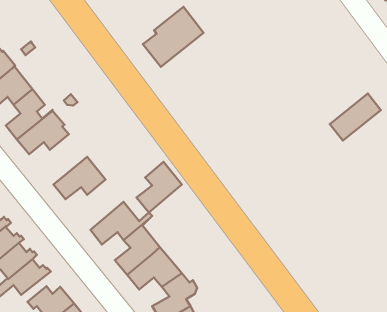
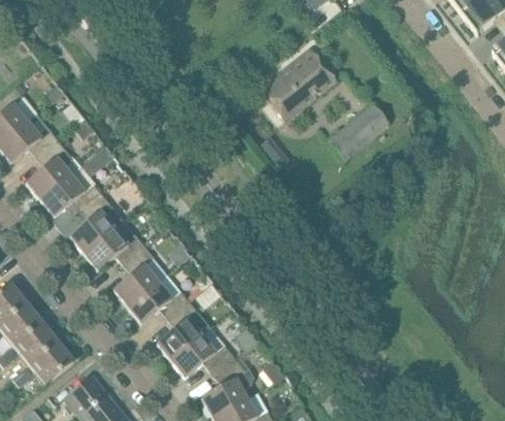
building: [143,7,203,67] -> [262,50,334,121]
building: [330,94,381,141] -> [328,104,389,160]
building: none -> [69,194,123,254]
building: [137,162,182,212] -> [112,248,166,307]

